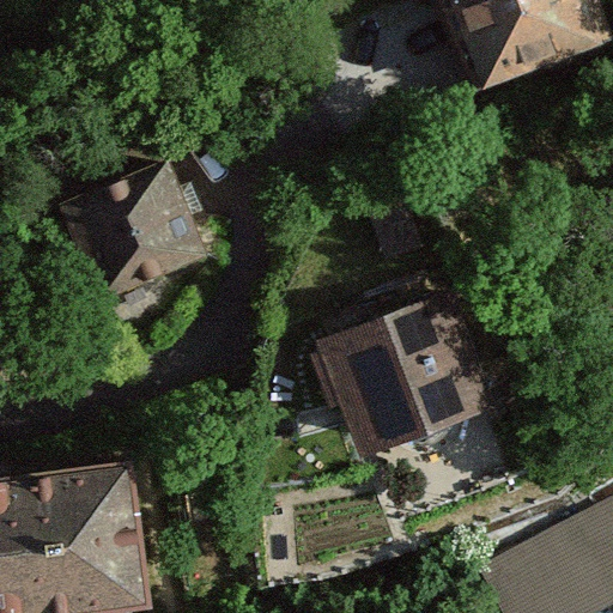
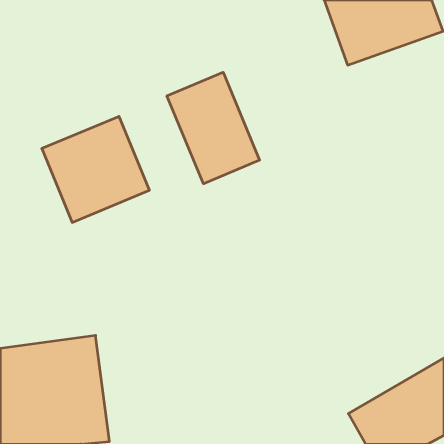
building: none -> [167,72,260,184]
building: [328,274,500,462] -> none

